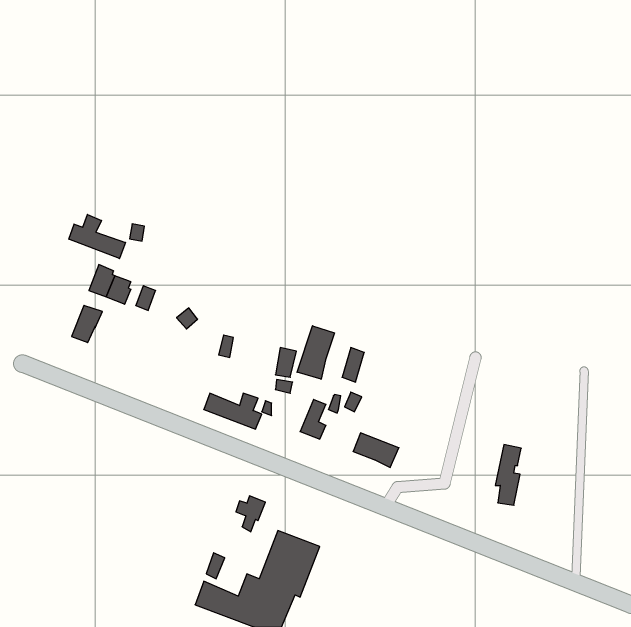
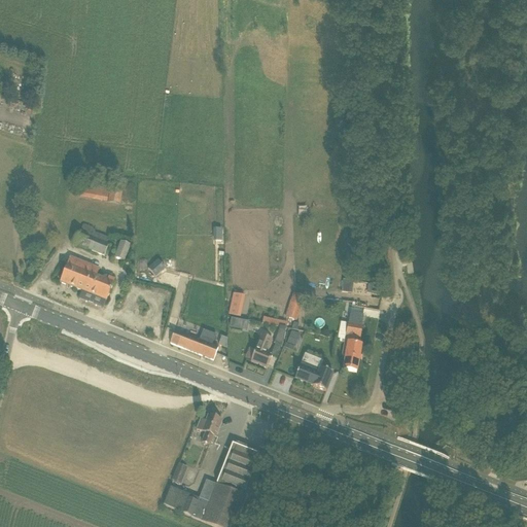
building: [69,214,125,259] -> none
building: none -> [73,259,114,297]
building: [297,326,335,379] -> none
building: [495,445,521,505] -> [341,318,362,368]

